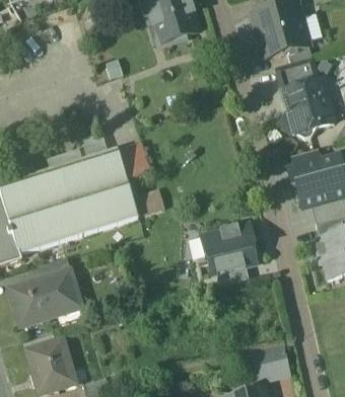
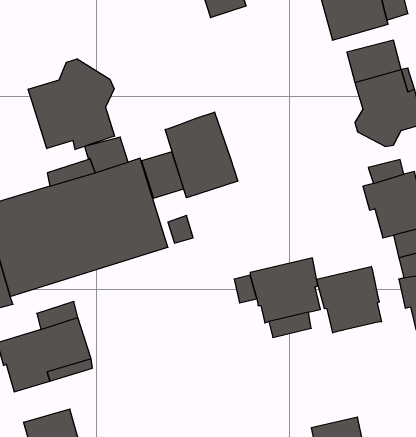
building: none -> [28,59,114,150]
building: none -> [165,112,238,198]
building: none -> [317,266,382,333]

